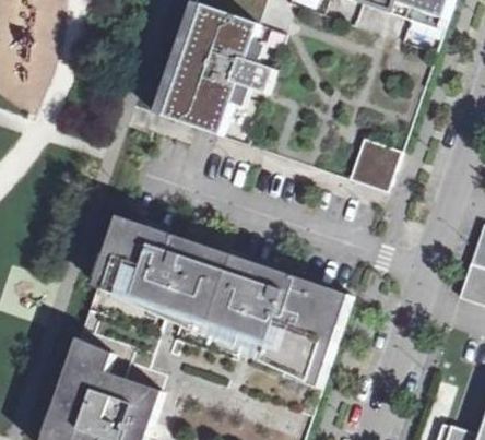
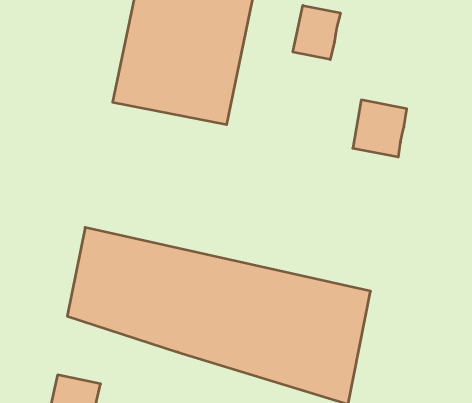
building: none -> [293,5,340,60]

